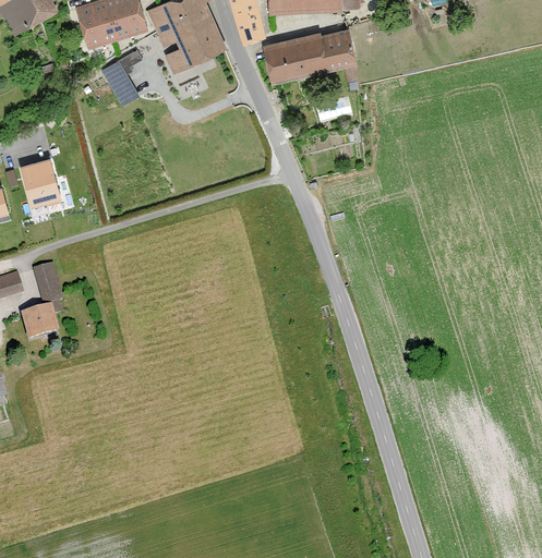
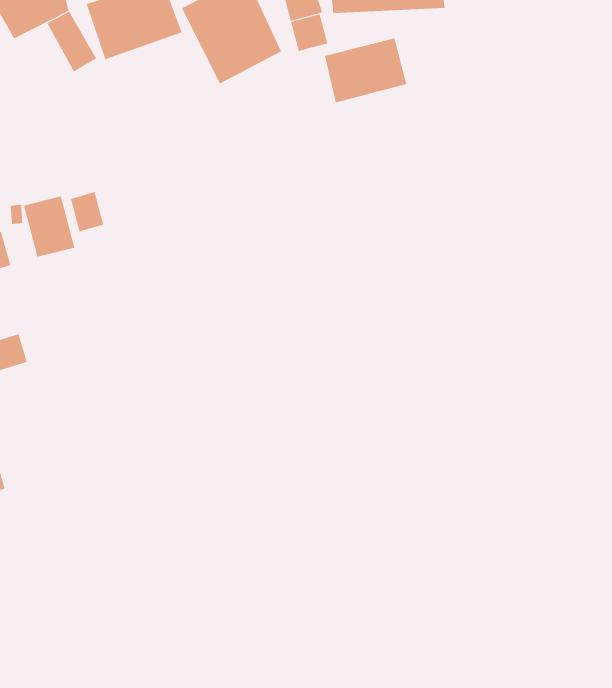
building: [320,32,356,71] -> none
building: [100,59,141,108] -> [46,11,97,72]
building: none -> [70,191,104,232]
building: [32,262,62,299] -> none
building: [19,303,57,338] -> none

